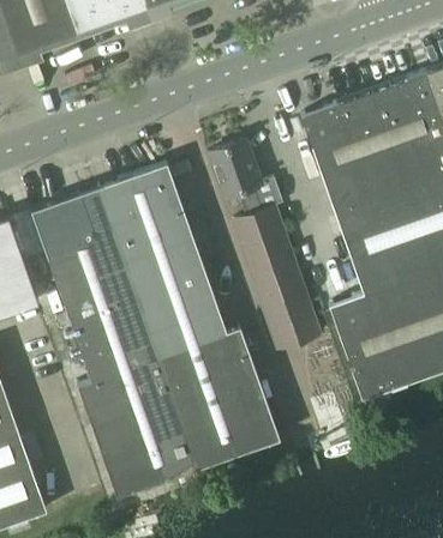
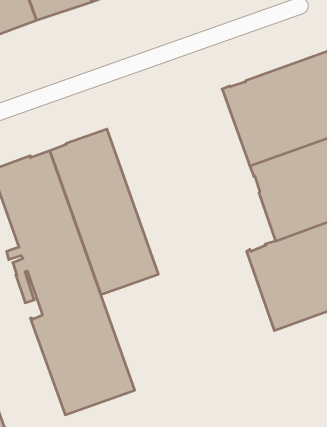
building: [209,139,318,349] -> none
building: [158,325,279,466] -> none

